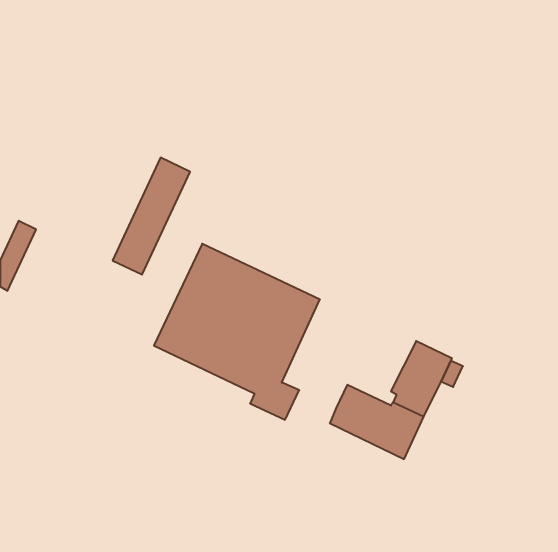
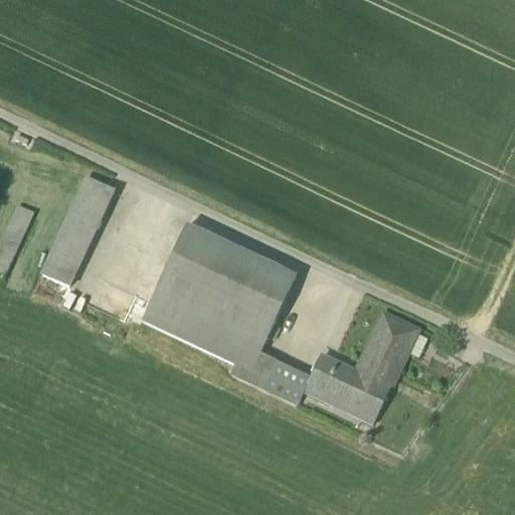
building: [113,158,190,275] -> [41,176,113,284]
building: none -> [263,359,310,402]

